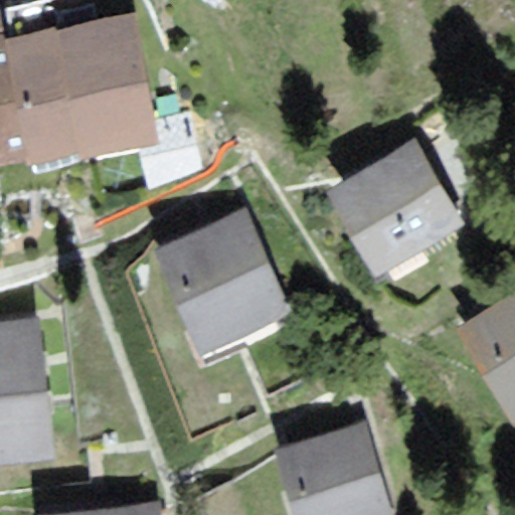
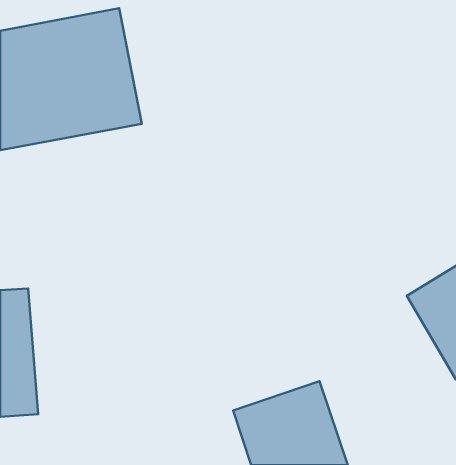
building: [320,142,459,282] -> none
building: [152,213,292,360] -> none

